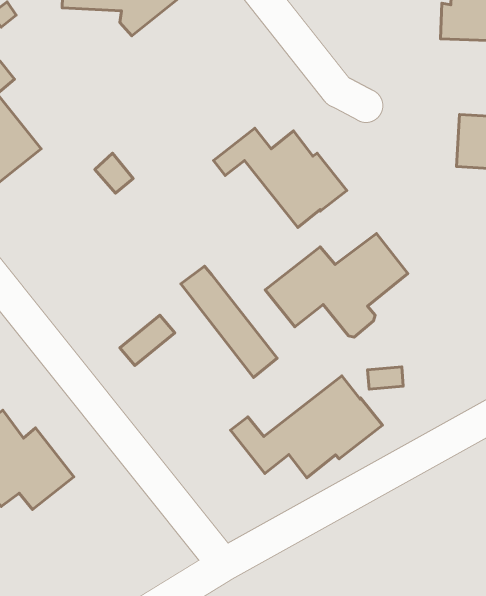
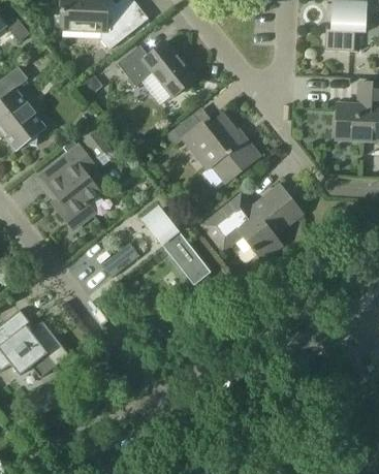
building: none -> [117,40,195,96]
building: none -> [48,145,100,229]
building: [231,376,383,478] -> none

